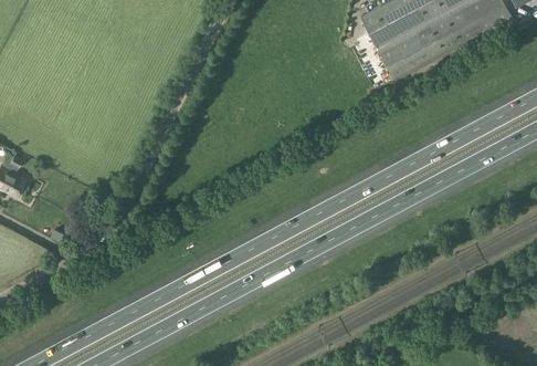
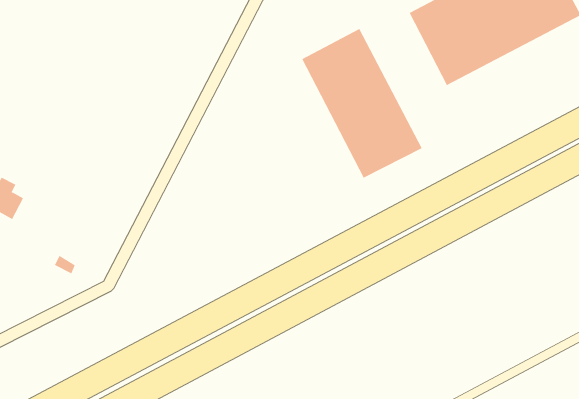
building: none -> [301,28,423,179]

